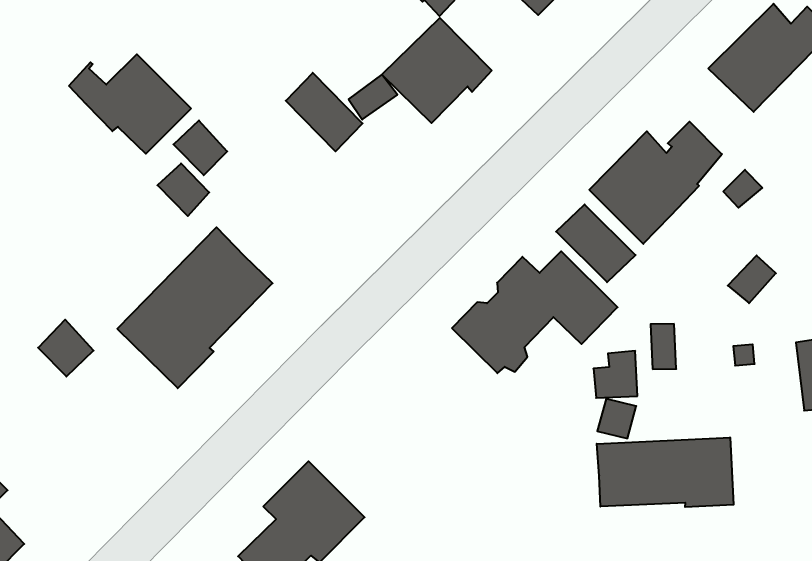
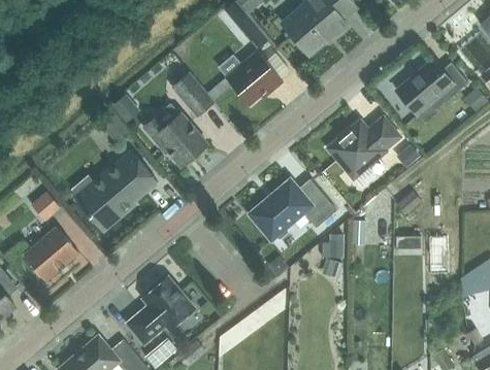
building: [69,54,191,154] -> [144,113,207,166]
building: [556,204,636,282] -> none
building: none -> [24,227,78,280]
building: [597,437,734,507] -> none

